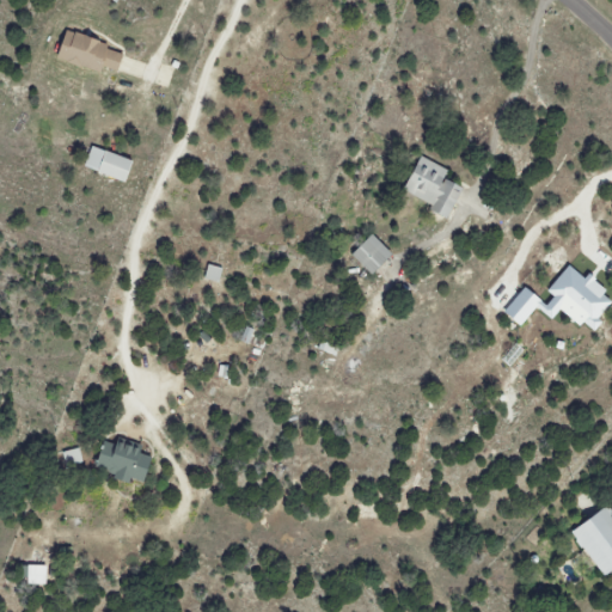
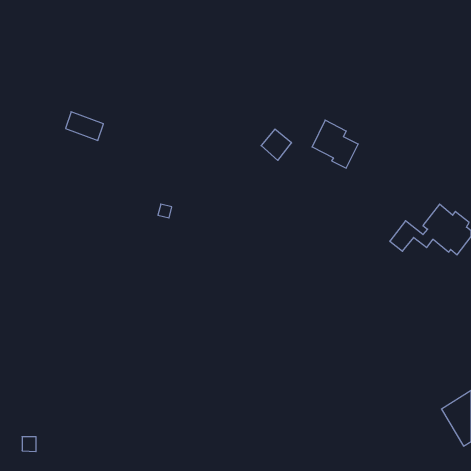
building: [57,32,126,71] -> none
building: [353,234,392,275] -> [261,129,292,160]
building: [97,441,153,482] -> none

